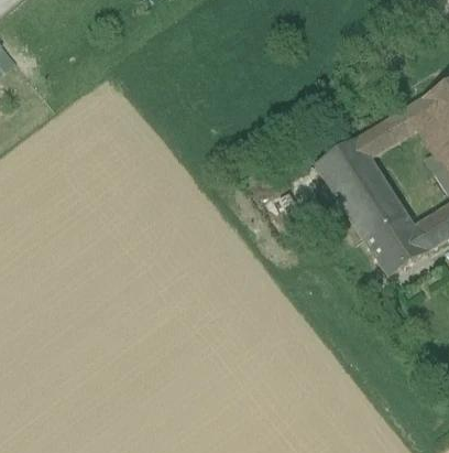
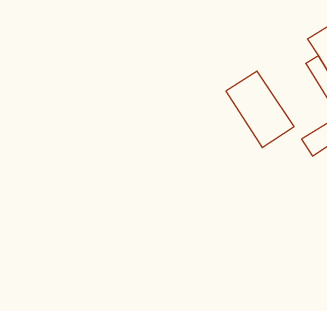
building: [355,95,436,158] -> none
building: [362,209,428,273] -> none

